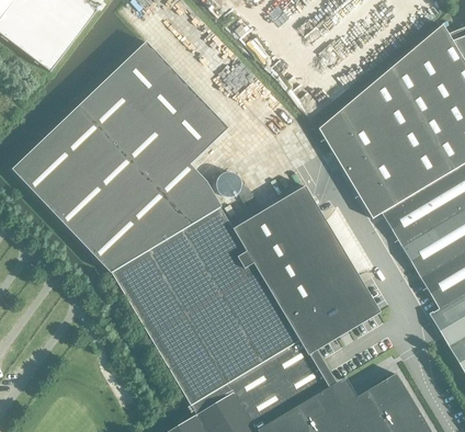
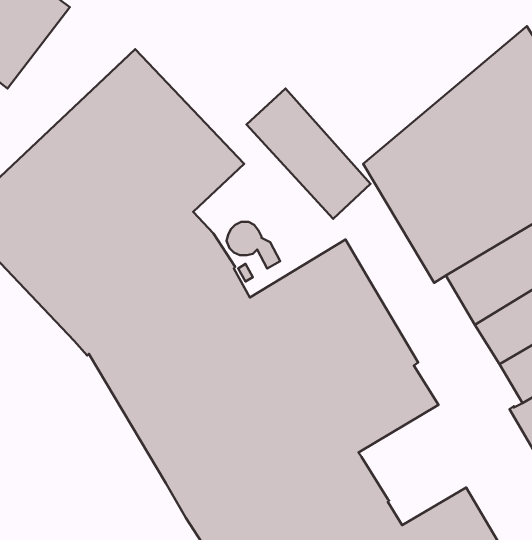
building: none -> [246,88,370,219]

